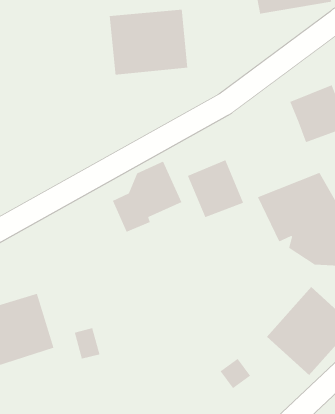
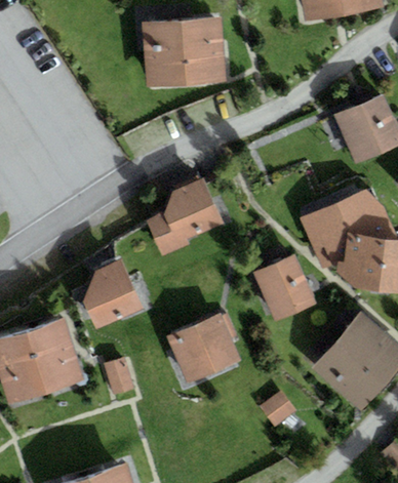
building: [187,159,244,218] -> [254,255,316,319]
building: none -> [83,258,144,330]
building: none -> [167,314,239,383]

